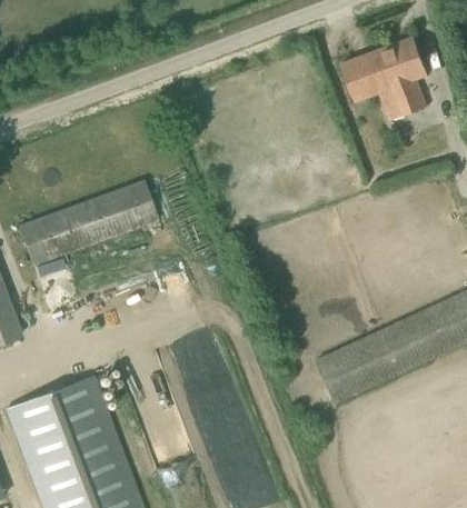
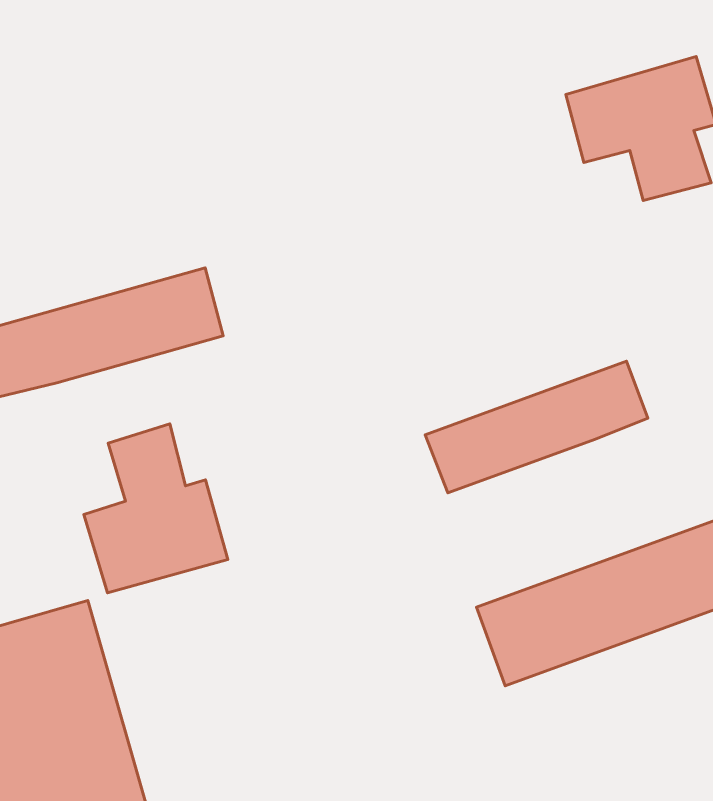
building: none -> [425,361,648,493]
building: none -> [84,424,228,593]

